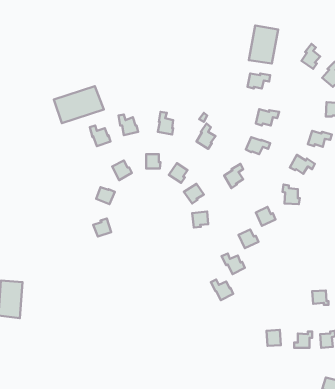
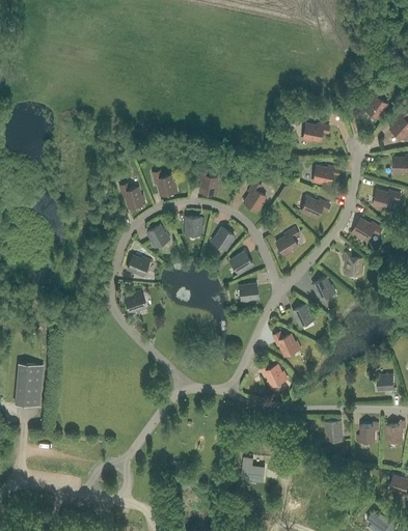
building: [249,26,278,63] -> none
building: [54,86,104,123] -> none
building: none -> [241,456,265,481]

